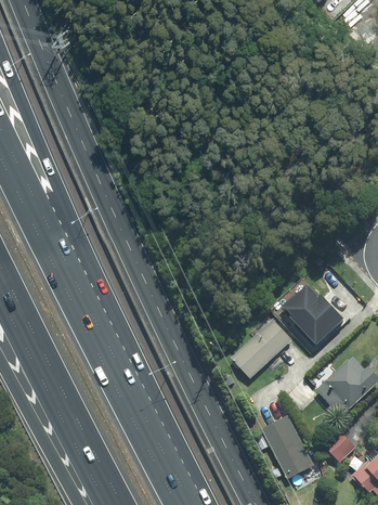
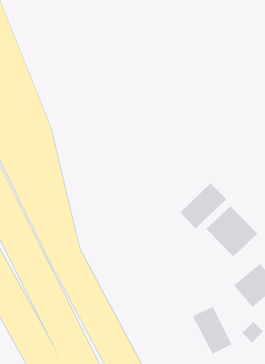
building: [231,319,292,379] -> [180,182,227,229]

